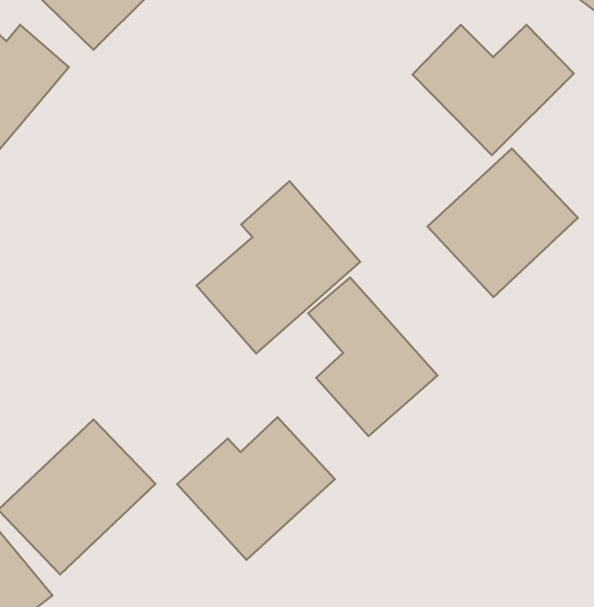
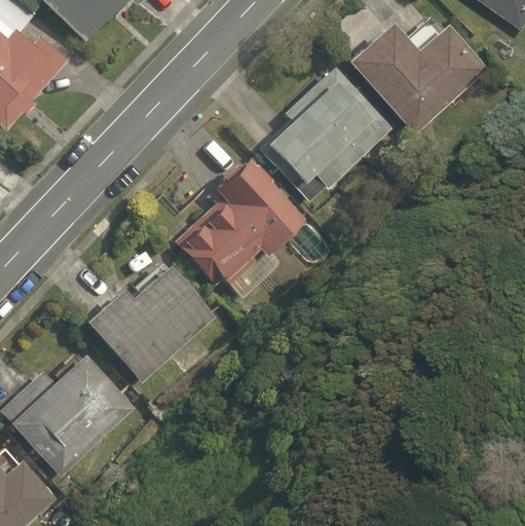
building: [428,148,578,297] -> [264,70,388,193]
building: [308,277,438,436] -> none
building: [177,417,335,560] -> [84,265,215,383]

